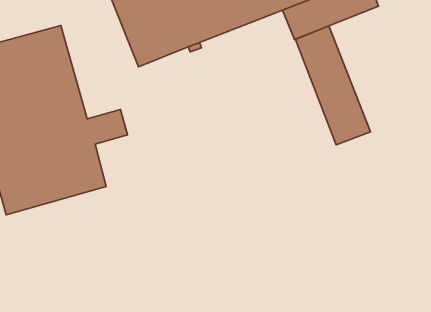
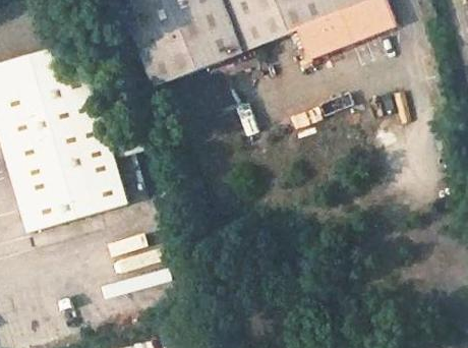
building: [295,26,371,145] -> none

